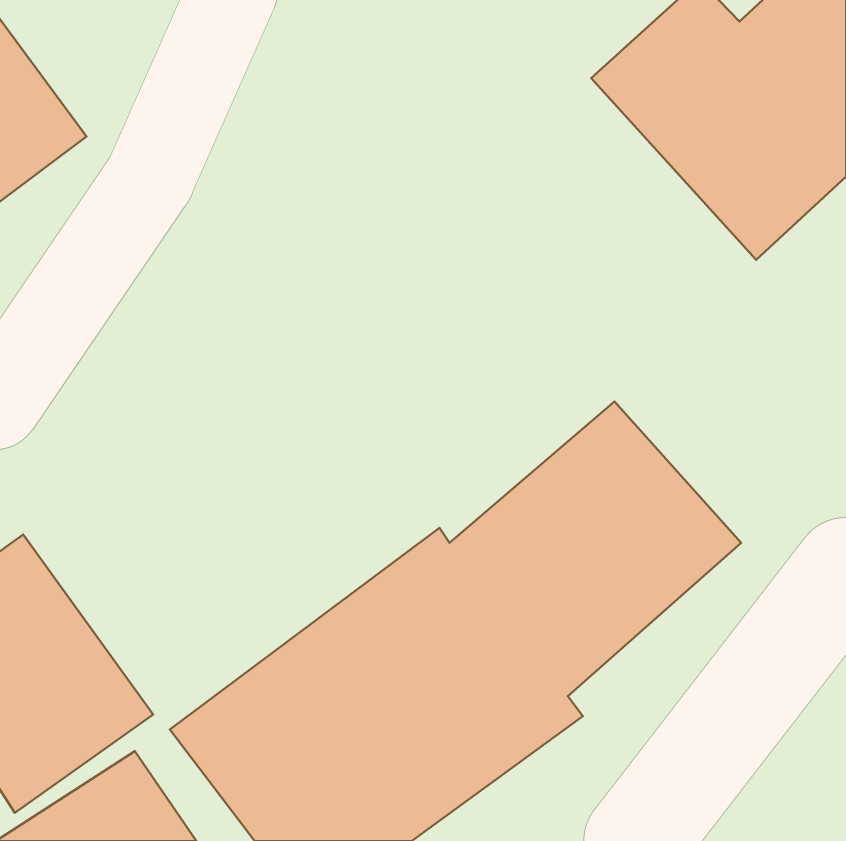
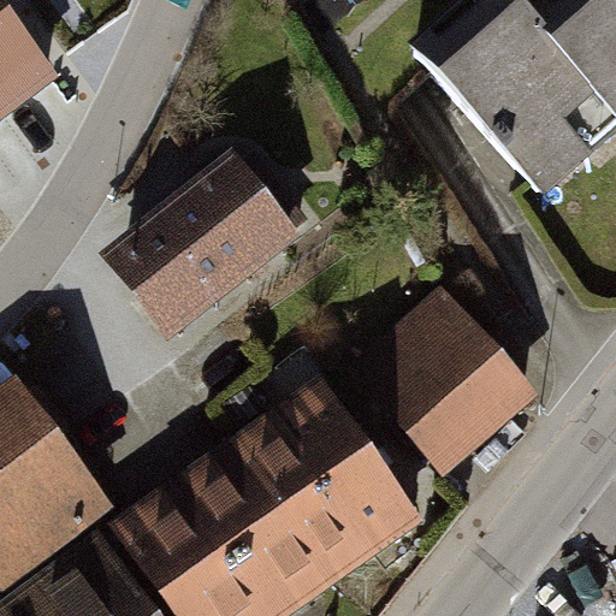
building: none -> [102,150,303,340]

